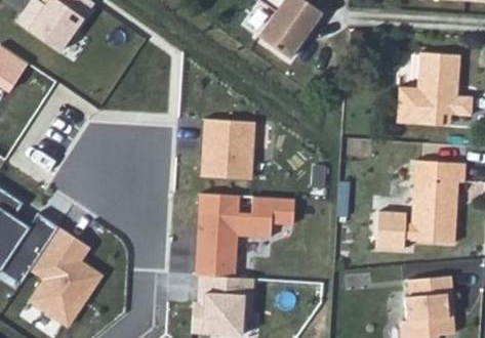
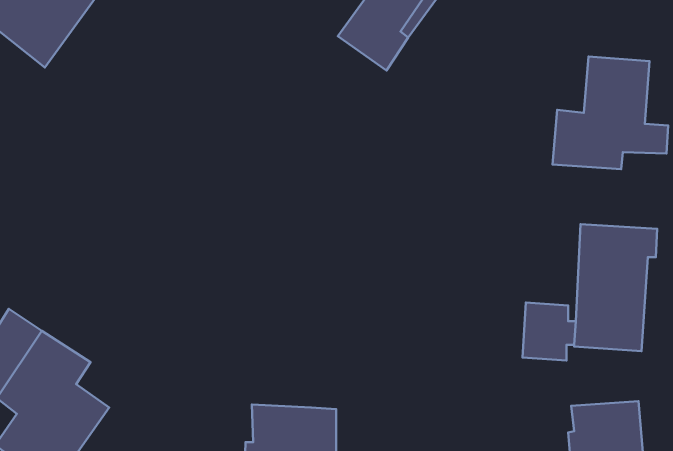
building: [202,119,256,181] -> none
building: [196,195,296,280] -> none

